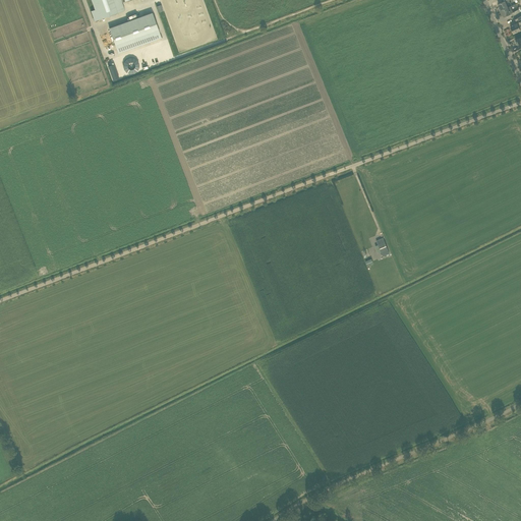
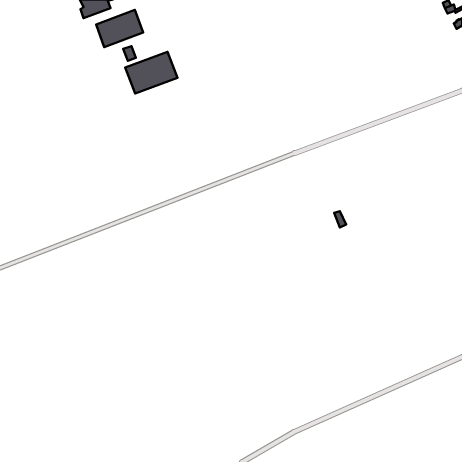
building: none -> [125,52,177,94]

